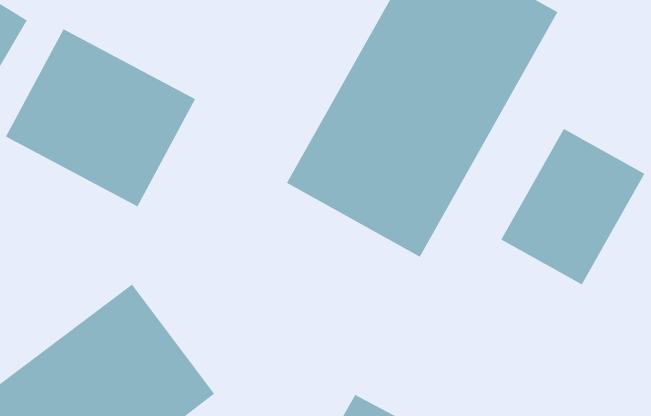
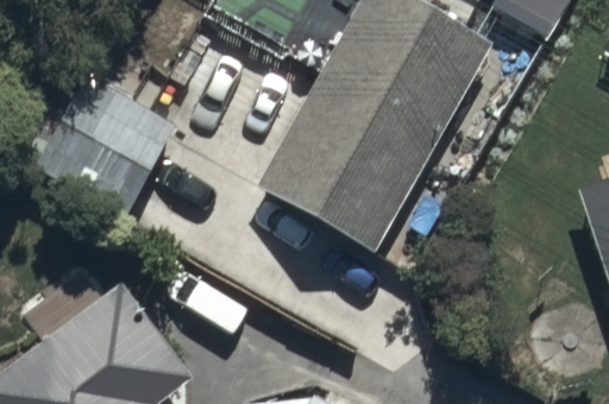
building: [500,128,645,286] -> none

